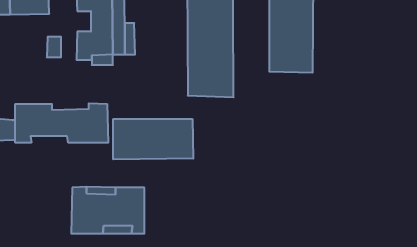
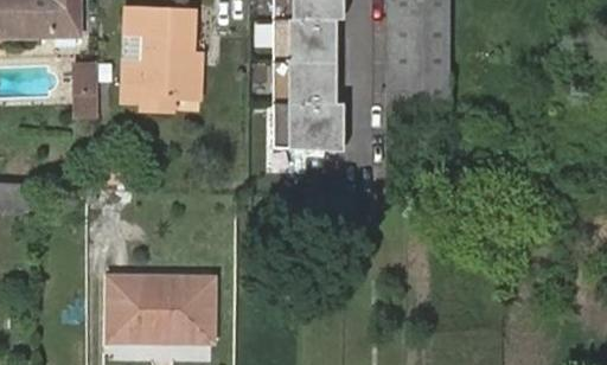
building: [15,103,108,143] -> none
building: [113,119,193,159] -> none

